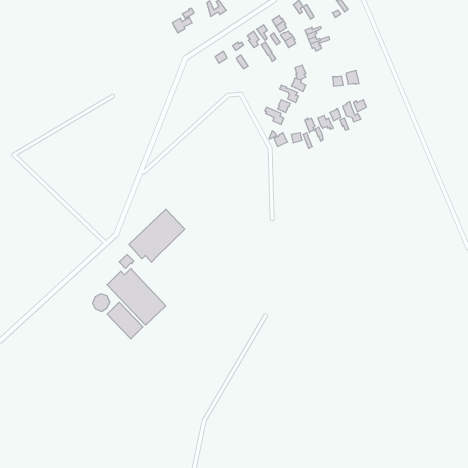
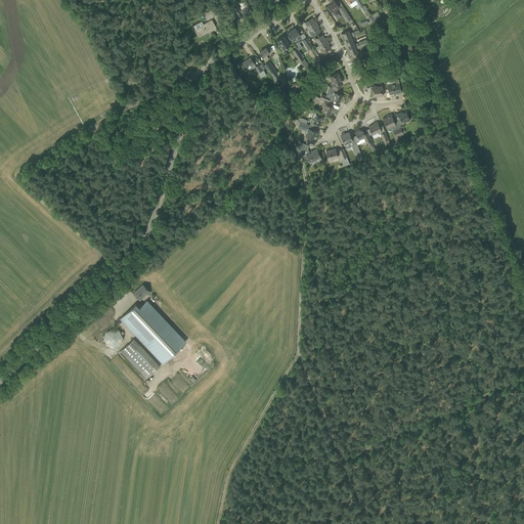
building: [129,209,185,262] -> none

